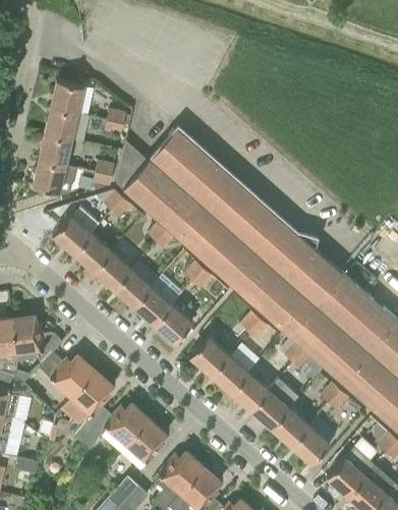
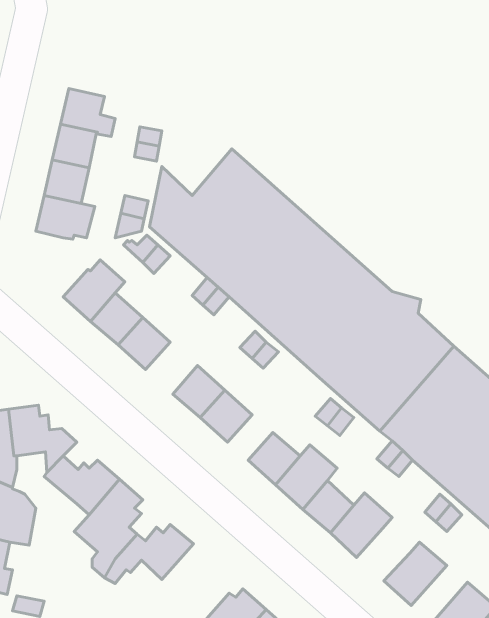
building: [113,269,152,307] -> none
building: [270,407,309,446] -> none
building: [125,418,165,463] -> none

